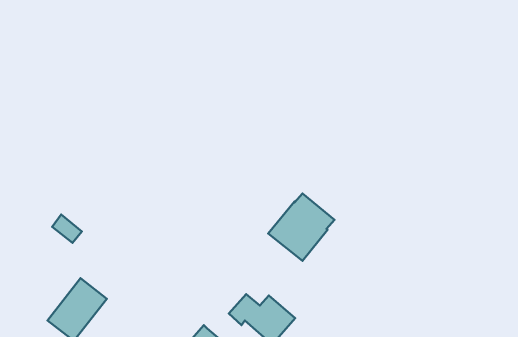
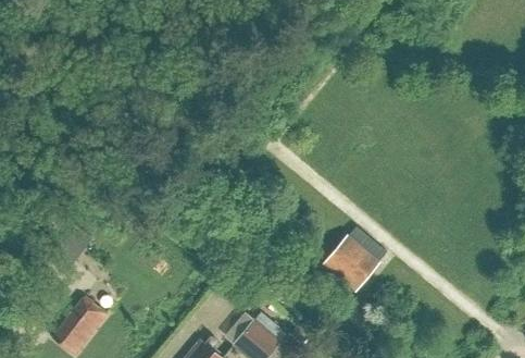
building: [268,193,334,261] -> [323,227,386,292]

